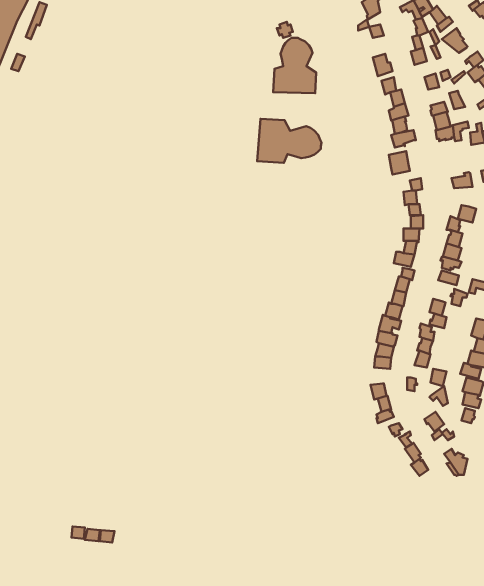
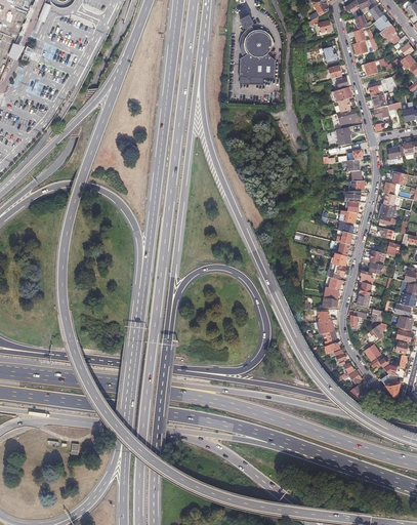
building: [257,119,321,163] -> none

